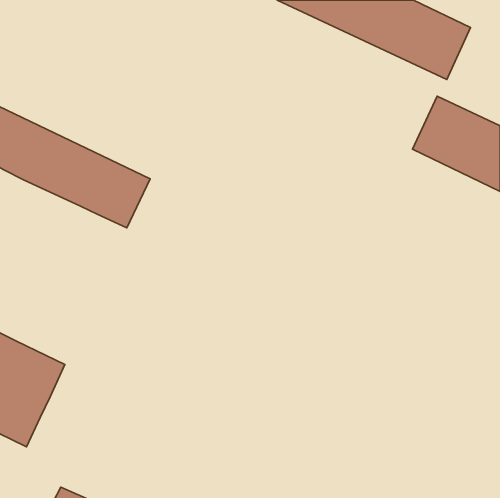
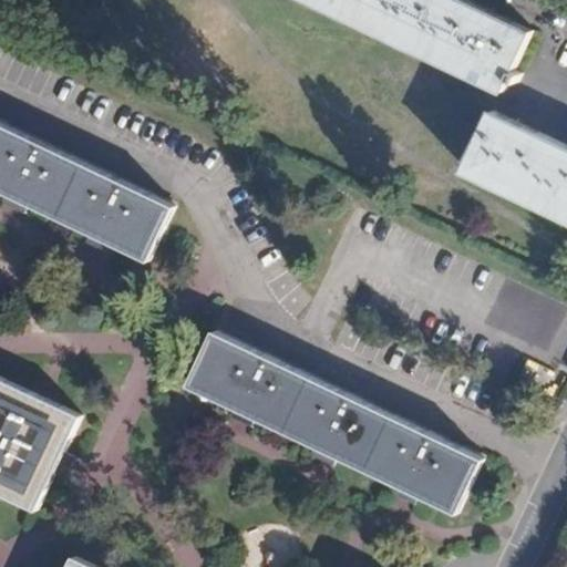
building: none -> [185,333,481,513]

